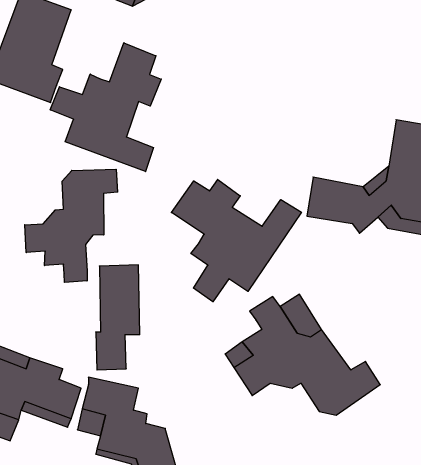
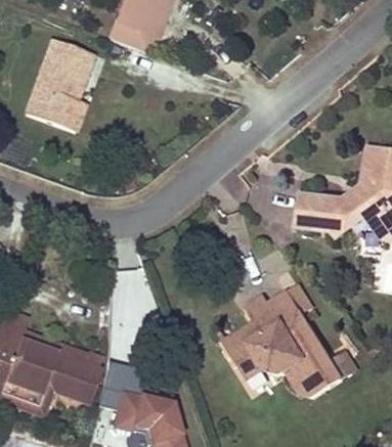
building: [50,43,161,172] -> none
building: [25,169,118,282] -> none
building: [171,179,301,302] -> none

